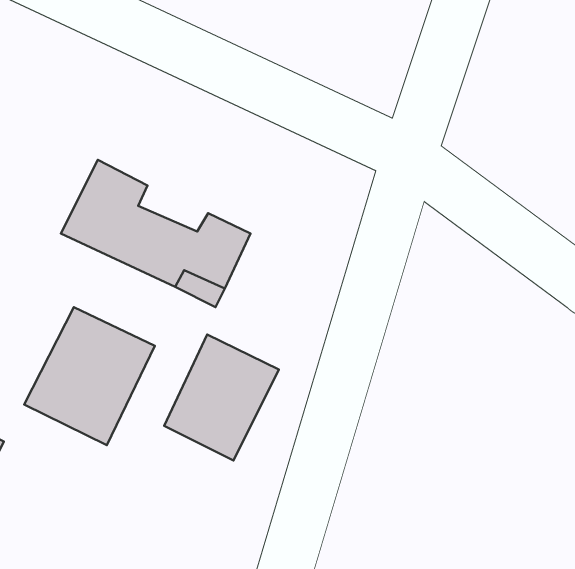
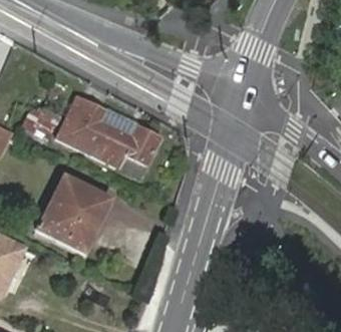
building: [164,334,279,461] -> none

